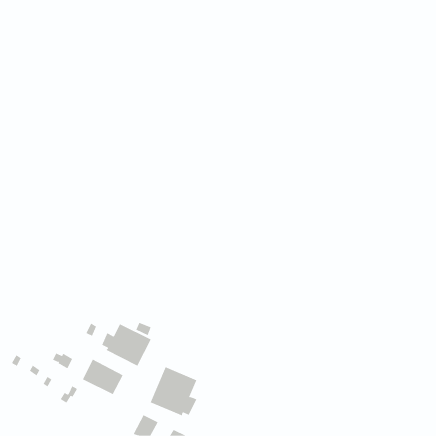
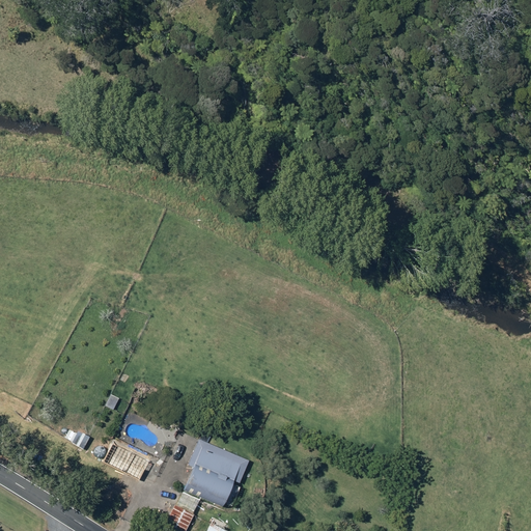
building: [101,323,151,367] -> none

